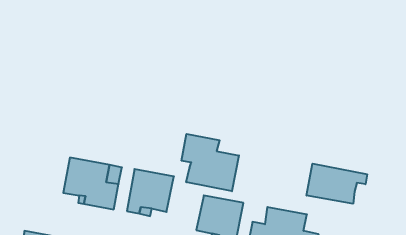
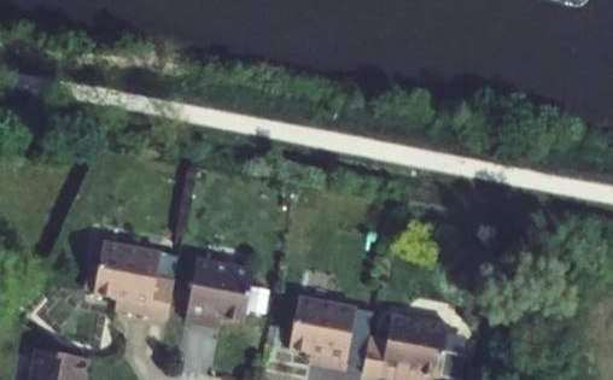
building: [182,134,239,191] -> none
building: [307,164,367,204] -> none

